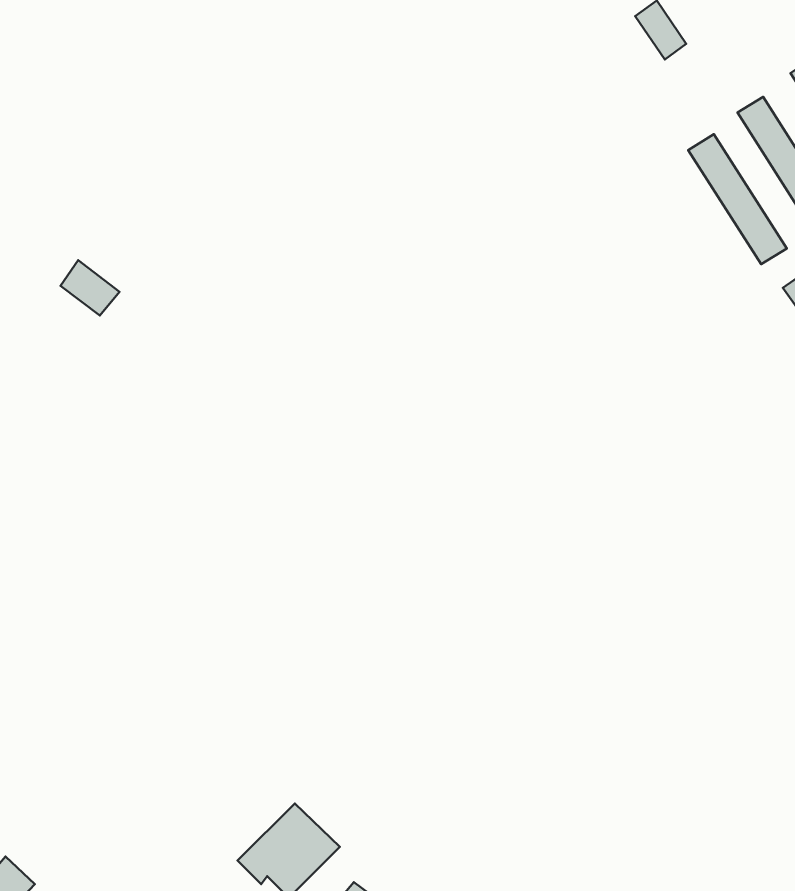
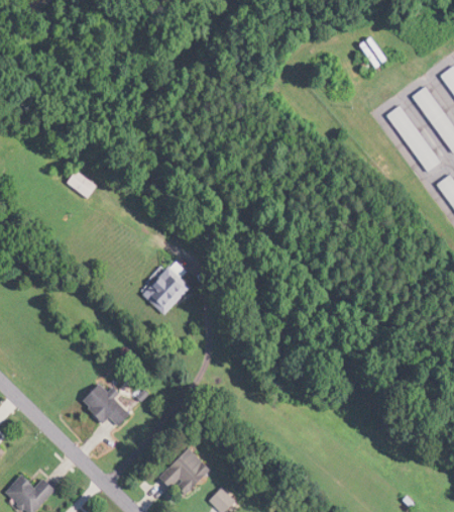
building: none -> [141,266,192,315]
building: none -> [81,384,130,428]

